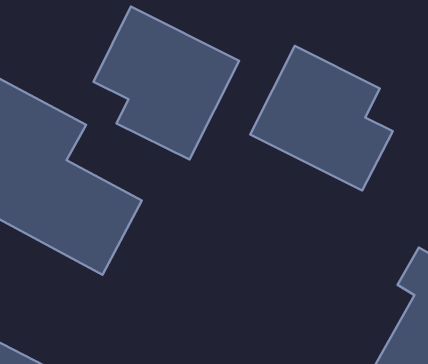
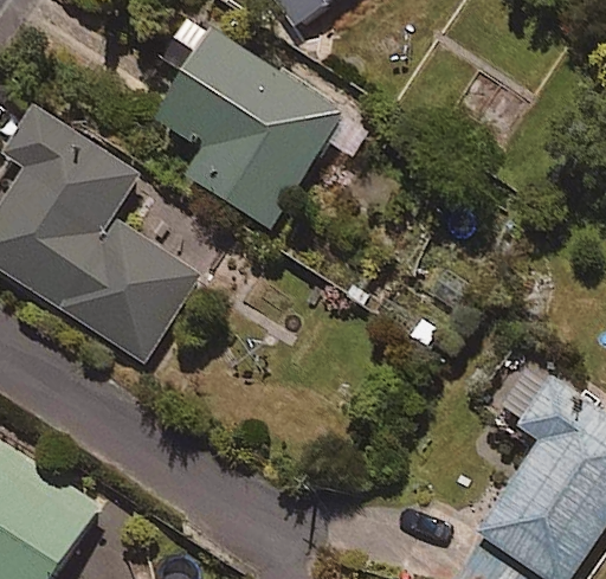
building: [250,46,393,190] -> none

